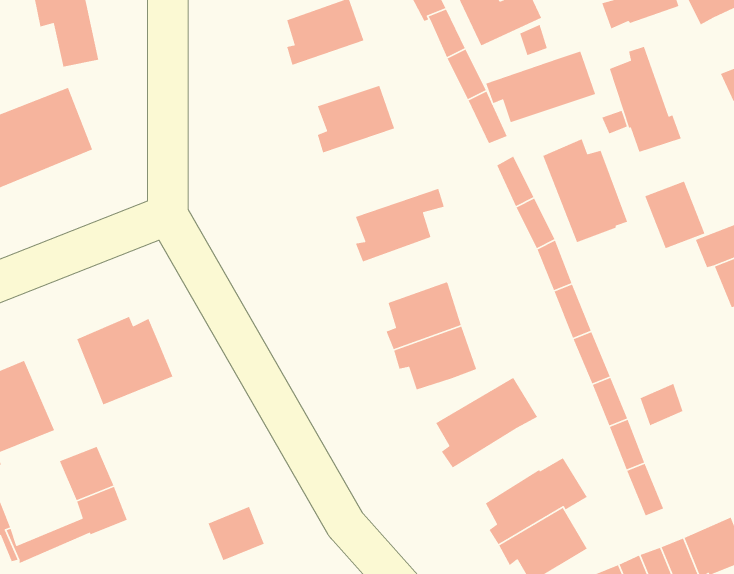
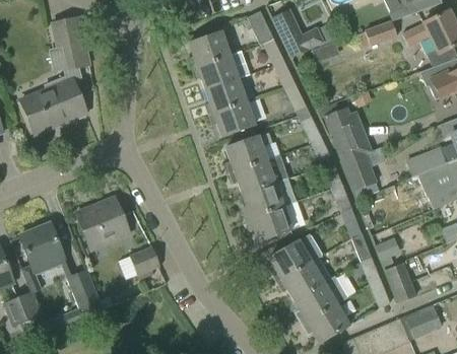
building: [609,46,682,153] -> none
building: [485,51,596,123] -> [192,50,251,88]
building: none -> [208,100,255,135]
building: [644,180,705,249] -> [343,153,376,190]
building: none -> [230,154,289,193]
building: none -> [277,260,324,299]
building: none -> [386,262,416,300]
building: [207,506,265,561] -> [130,245,160,275]

